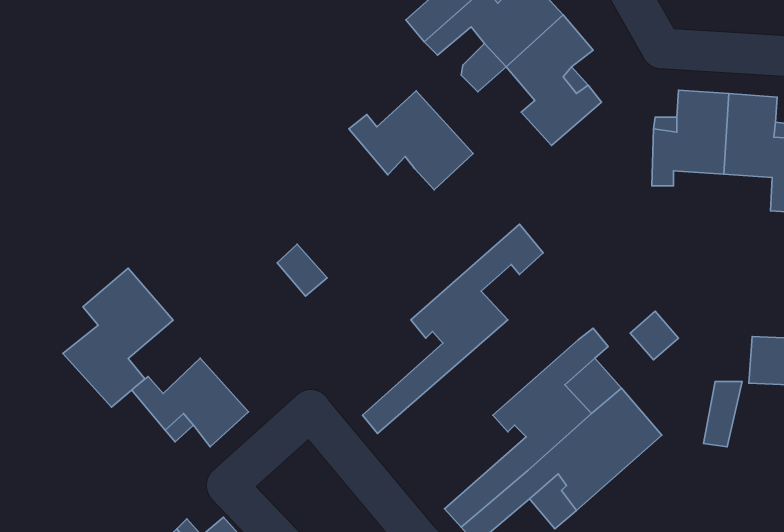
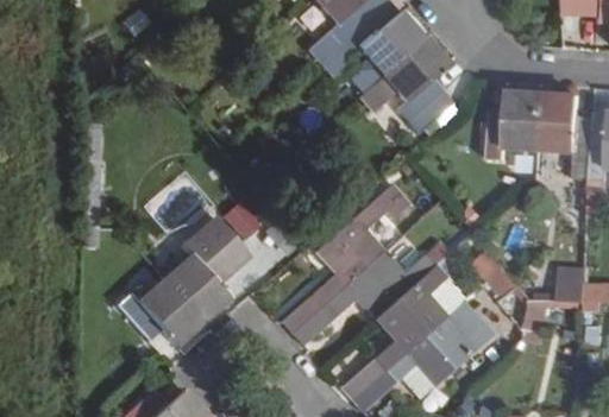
building: [349,91,473,190] -> none
building: [63,268,173,407] -> [167,220,245,318]
building: none -> [293,244,451,347]

